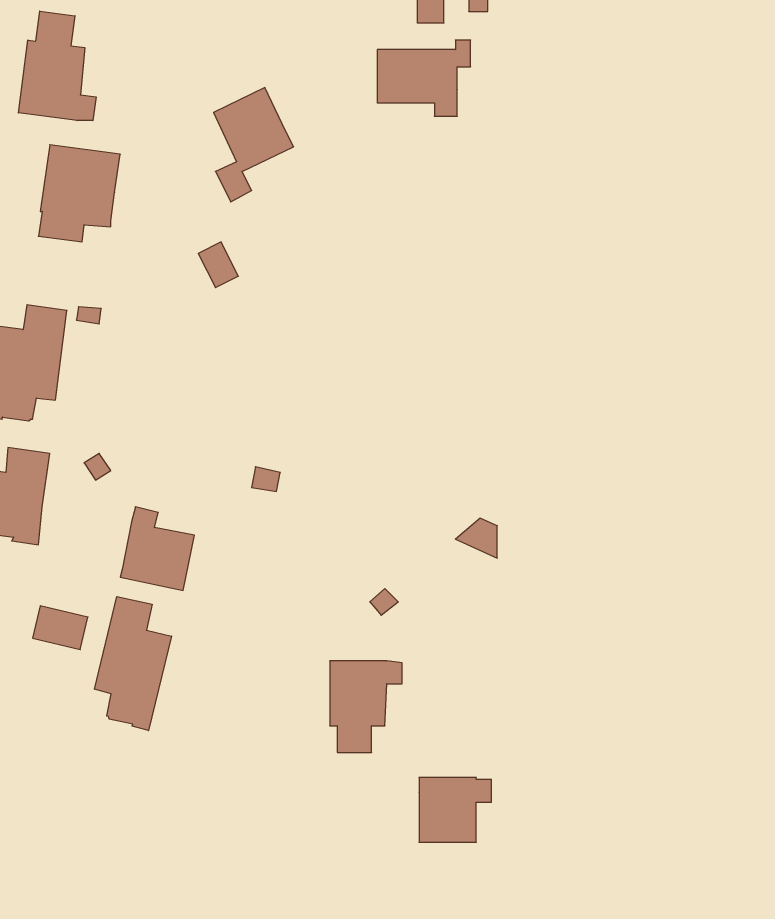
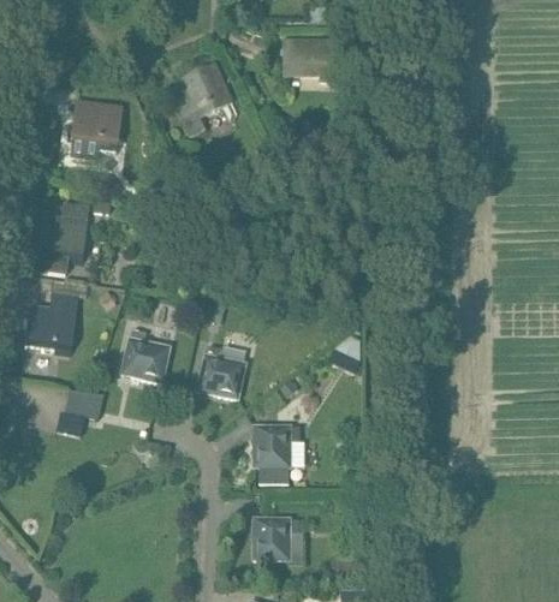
building: [18,11,96,121] -> none
building: none -> [198,345,245,398]
building: [95,597,171,731] -> none
building: [419,777,491,842] -> [254,518,299,559]

